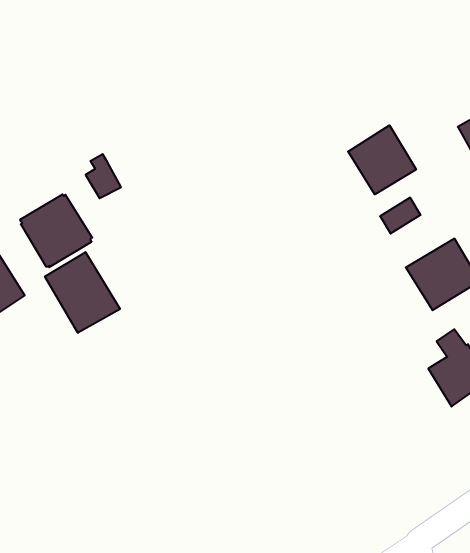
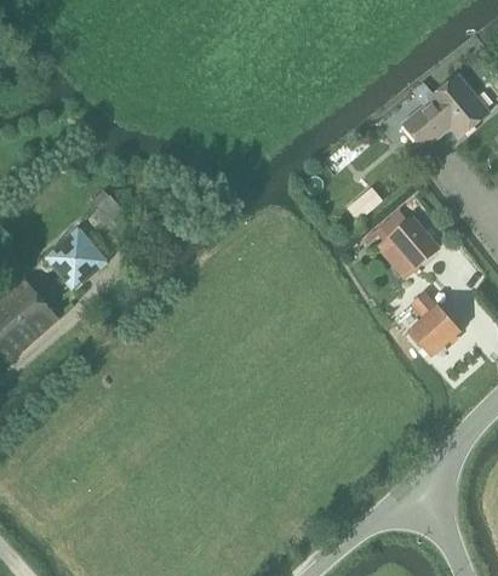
building: [348,125,416,194] -> none
building: [45,252,120,333] -> none

